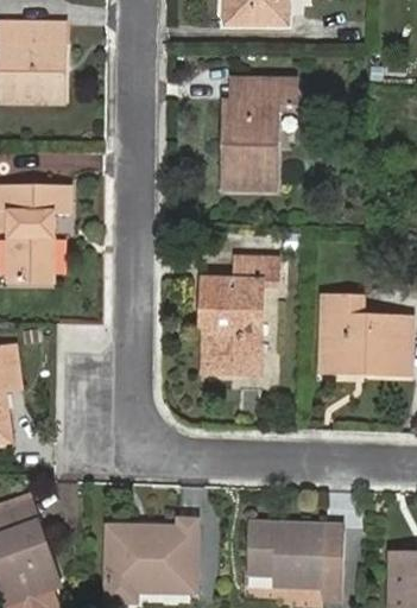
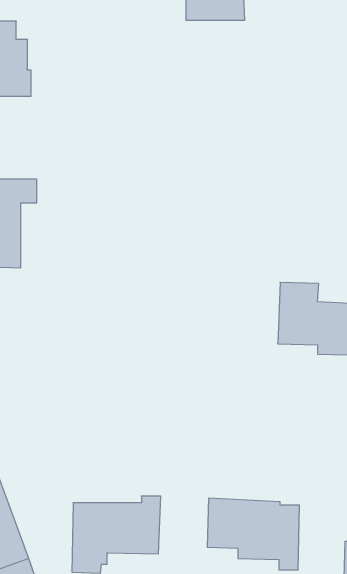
building: [223,80,295,190] -> none
building: [202,258,277,369] -> none

